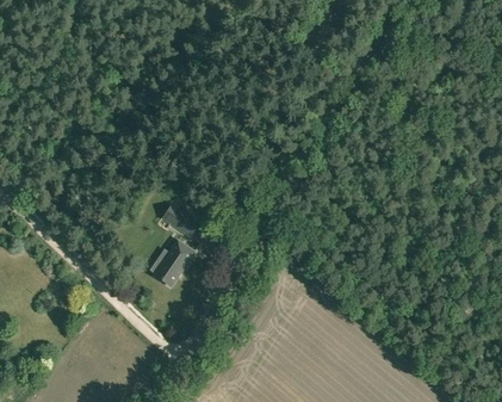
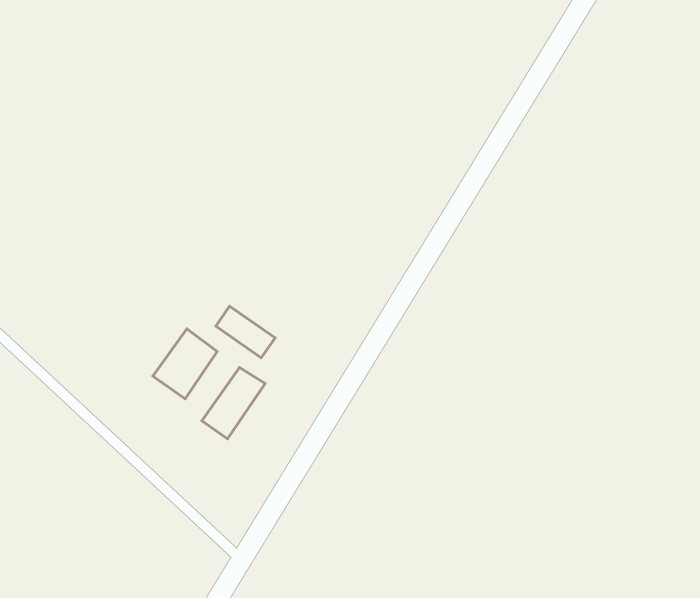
building: none -> [153,329,217,399]

